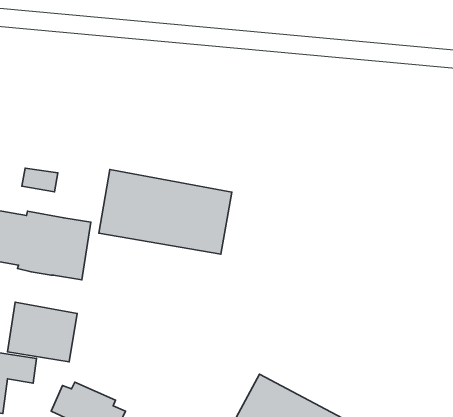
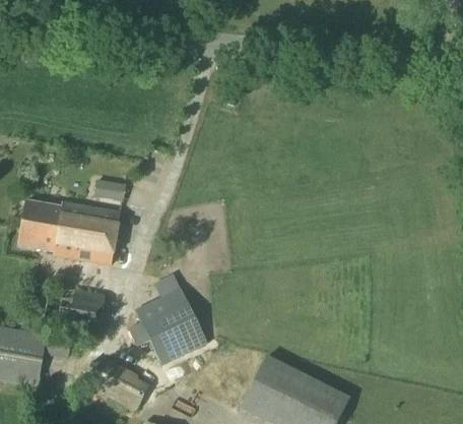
building: [22,168,58,192] -> [94,179,127,200]
building: [99,170,232,254] -> none
building: none -> [129,287,208,365]

